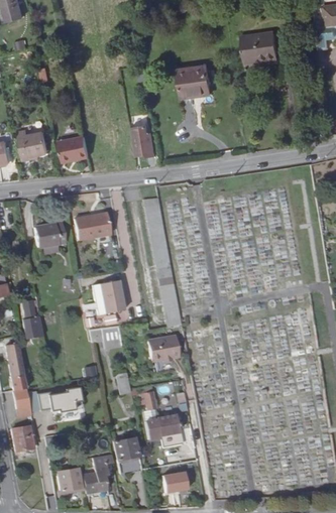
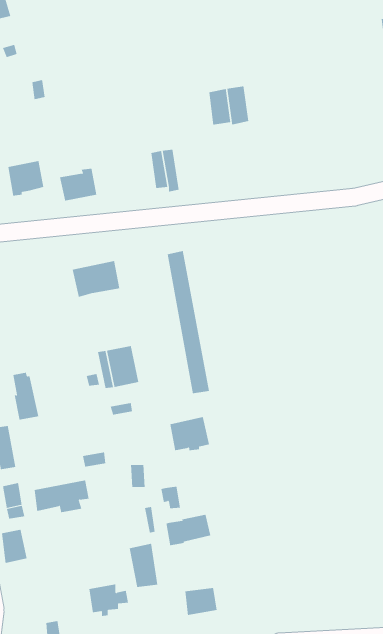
building: [244,29,281,58] -> none
building: [32,222,63,246] -> none
building: [55,467,81,492] -> none

